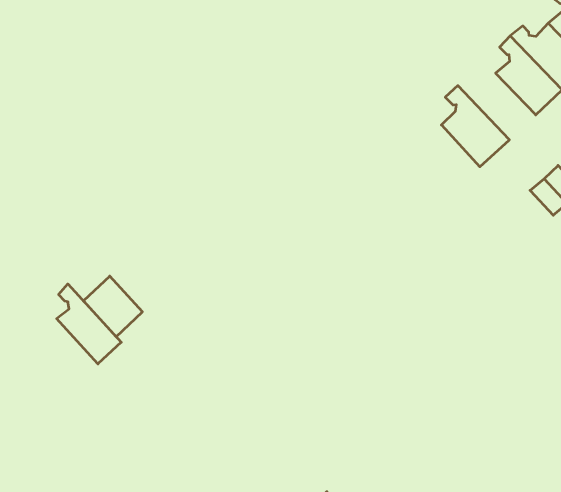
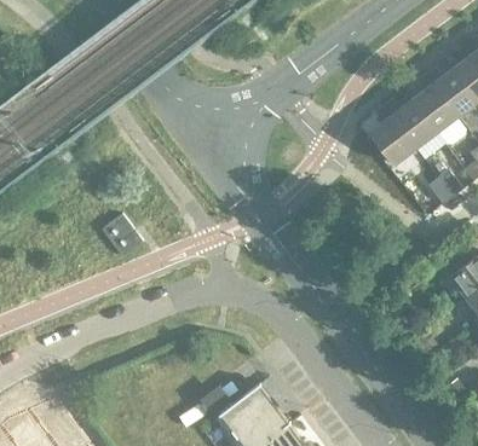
building: none -> [384,100,437,149]
building: [57,284,121,364] -> none

